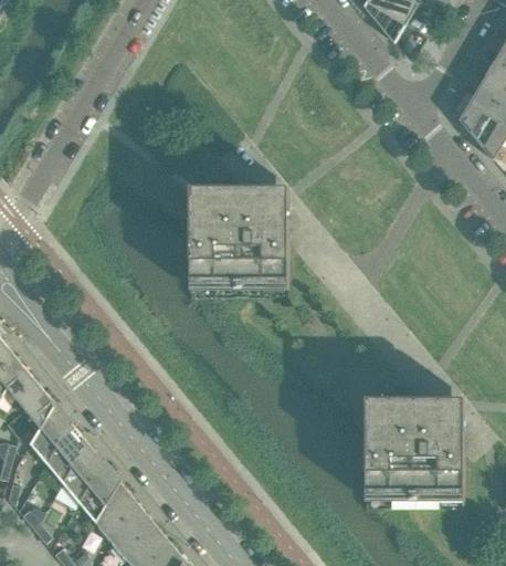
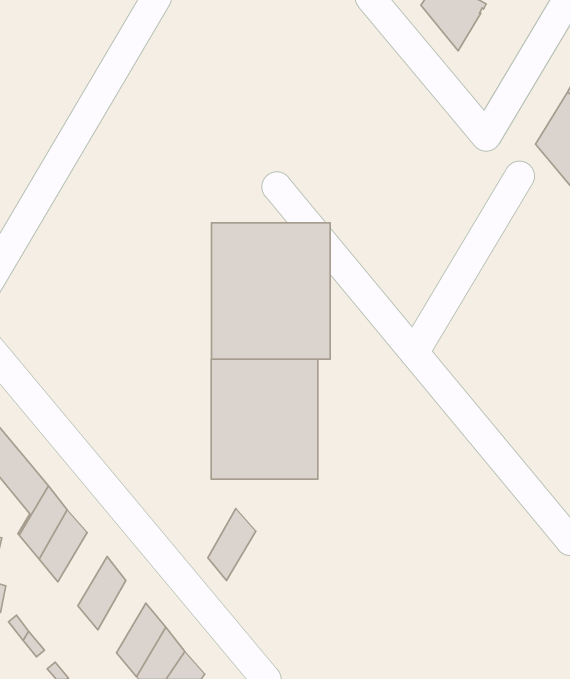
building: none -> [211,359,318,479]
building: [365,395,463,507] -> none
building: [62,441,103,502] -> none
building: [95,481,135,541] -> [208,508,256,581]

